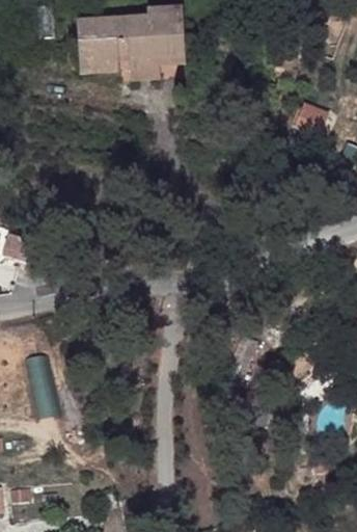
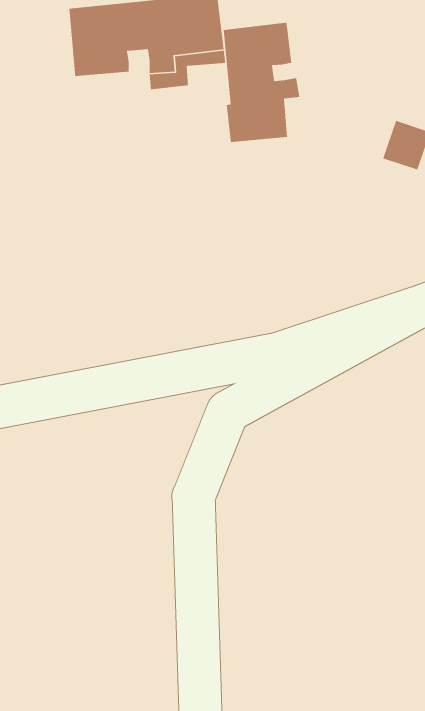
building: none -> [223,22,300,143]

